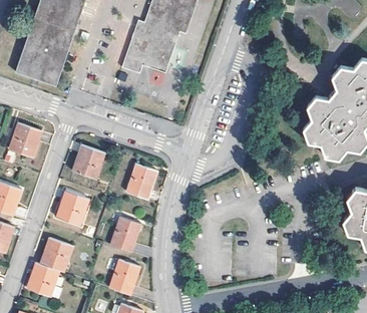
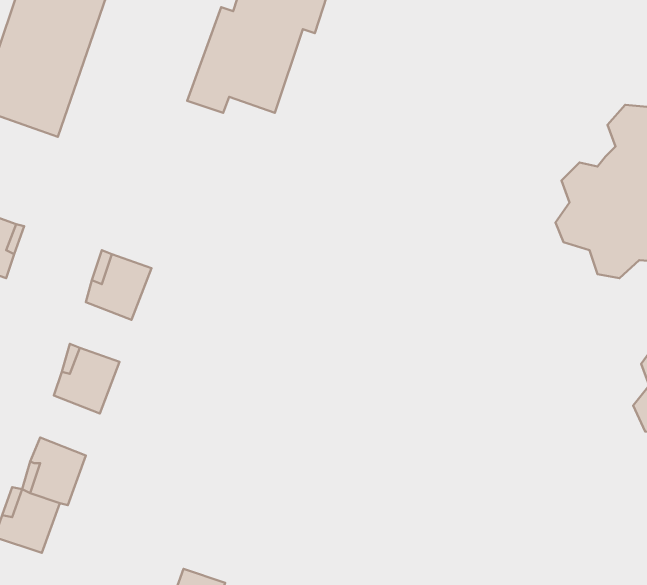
building: [126,163,156,199] -> none
building: [109,216,140,252] -> none
building: [109,259,140,294] -> none

